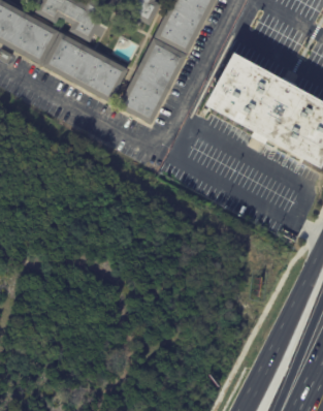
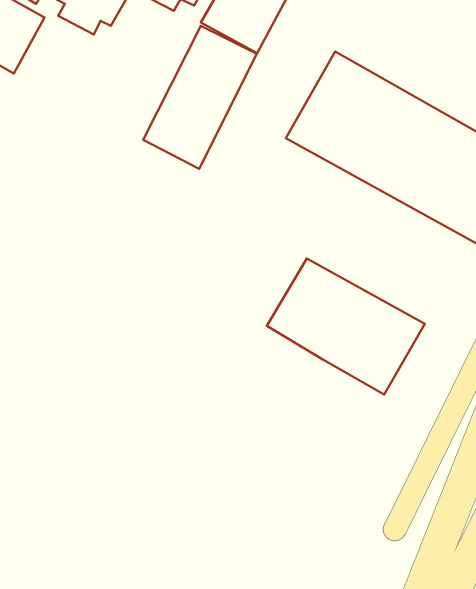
building: [42,31,128,101] -> none
building: none -> [267,258,425,394]

